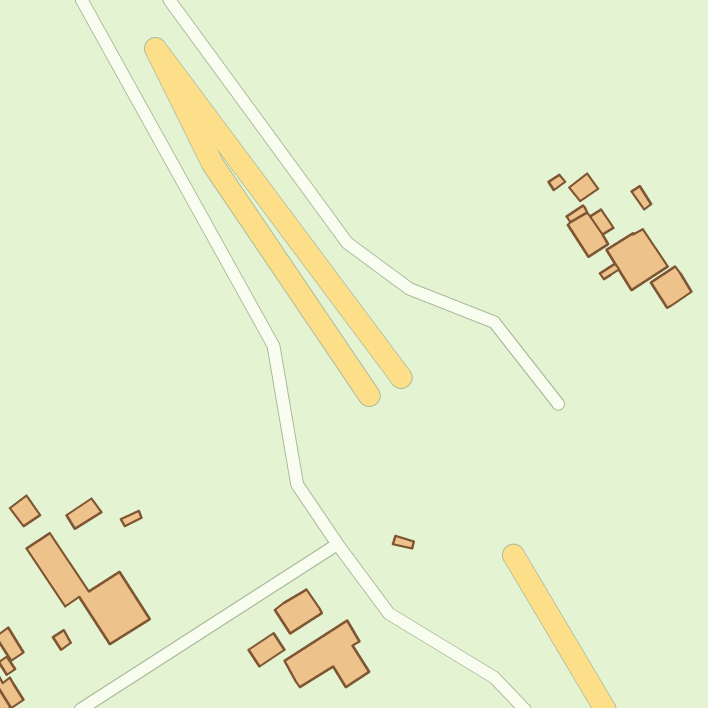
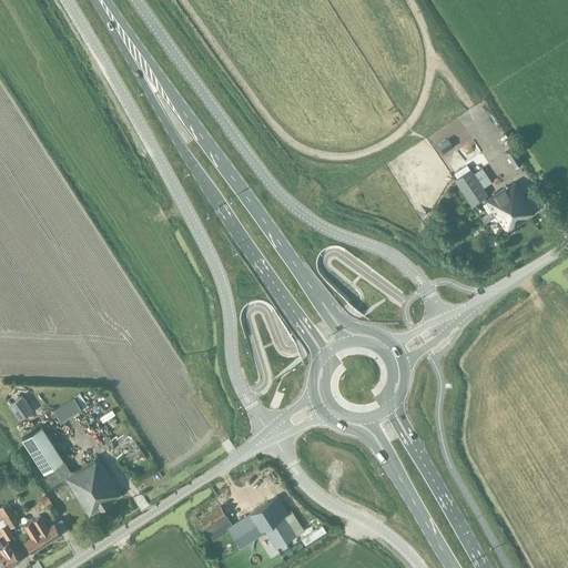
building: [651,267,692,308] -> none
building: [275,590,322,633] -> none
building: none -> [23,516,60,554]

